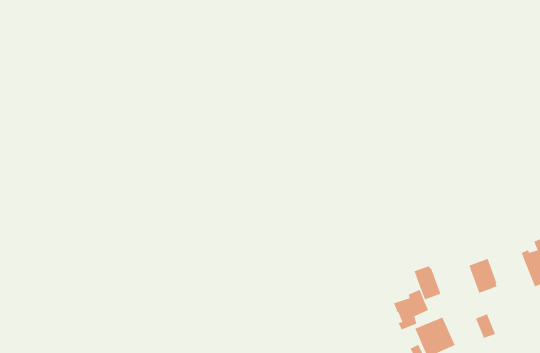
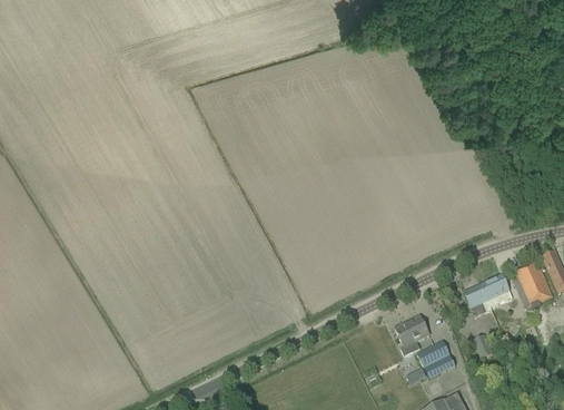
building: none -> [481,274,512,306]
building: [414,265,441,300] -> none

